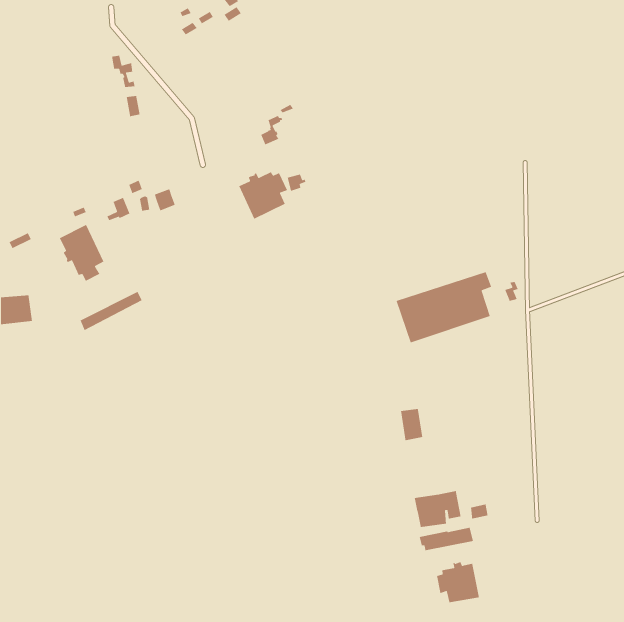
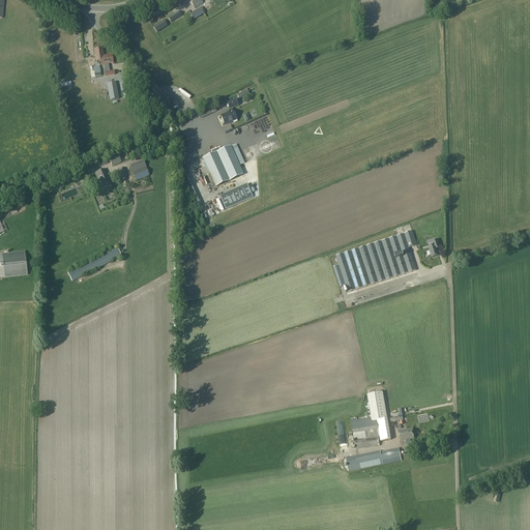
building: [59,224,104,282] -> none
building: [400,408,423,441] -> [367,390,387,418]
building: [436,562,480,603] -> none

